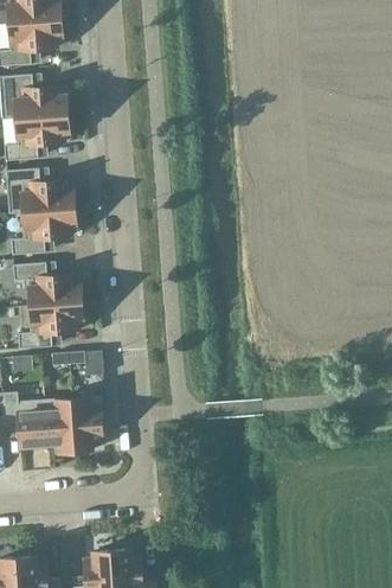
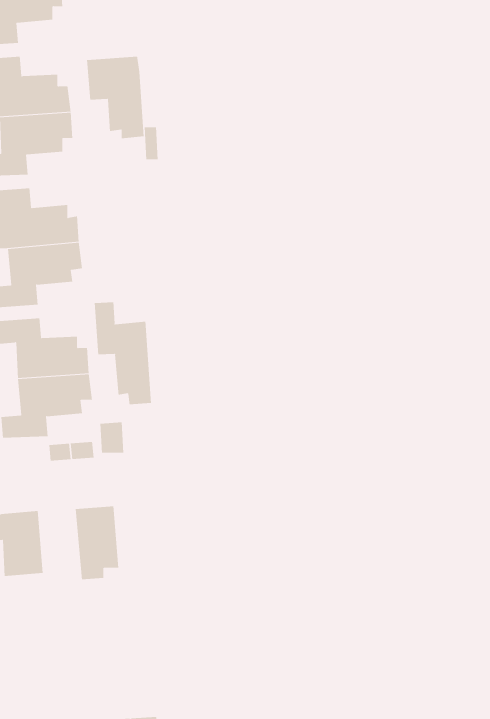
building: none -> [86,56,144,139]
building: none -> [94,301,151,405]
building: [44,400,75,453] -> none

